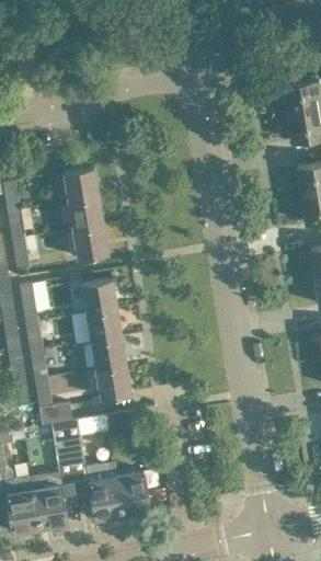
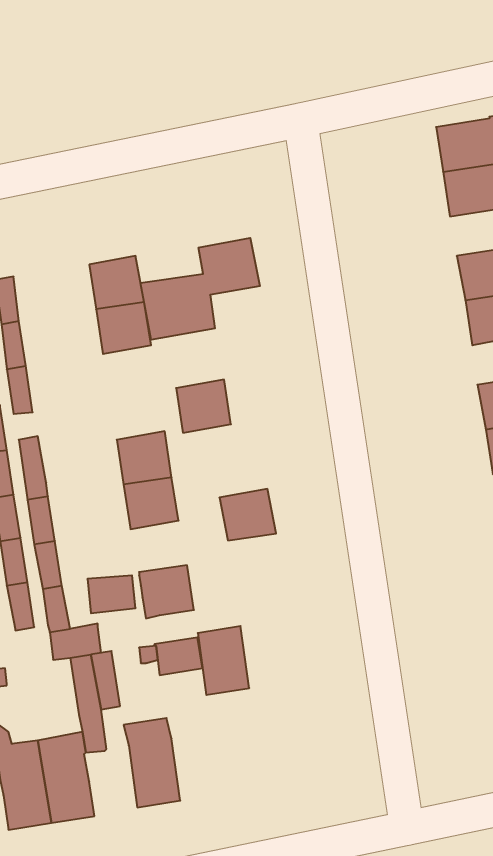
building: none -> [141,238,260,340]
building: [71,225,106,259] -> [176,380,231,433]
building: [89,336,125,369] -> [219,489,276,540]
building: [115,471,148,515] -> [198,626,249,695]

